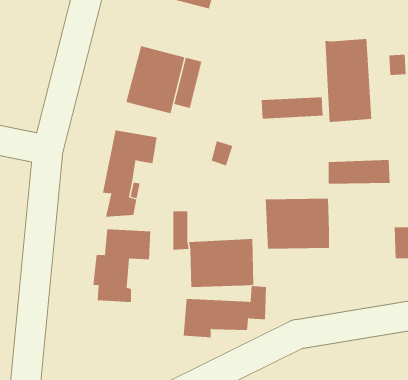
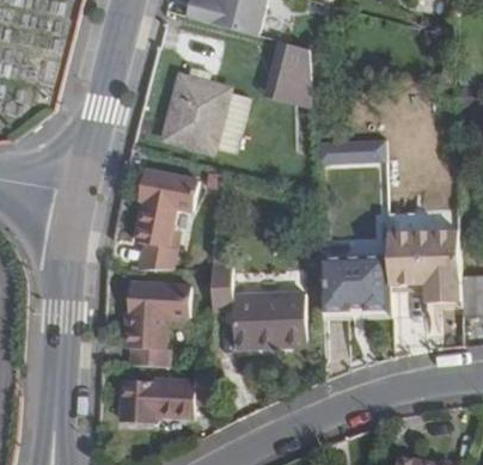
building: none -> [268,42,311,110]
building: [325,38,372,123] -> none
building: none -> [387,231,460,304]
building: [183,286,267,338] -> [118,365,213,423]

